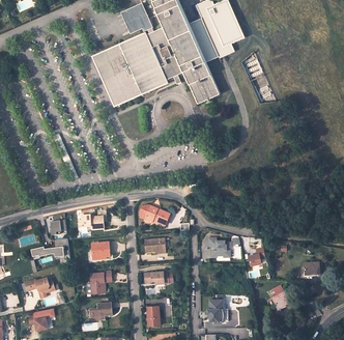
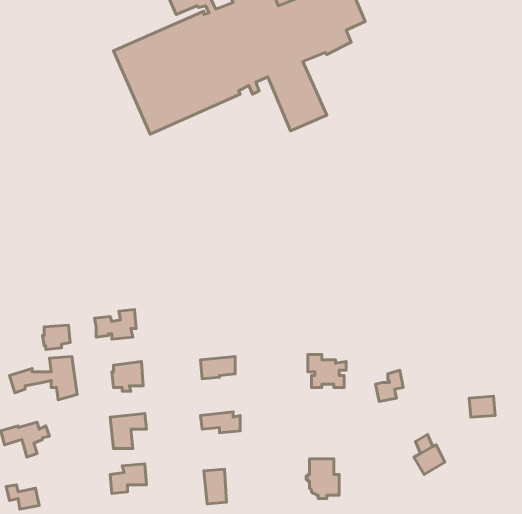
building: [140,205,170,228] -> none

